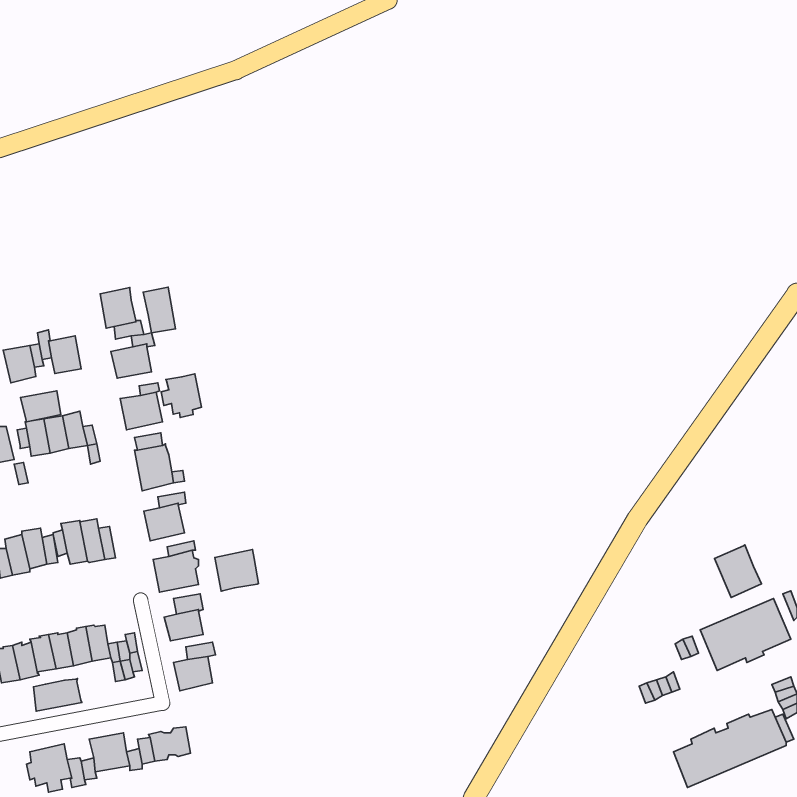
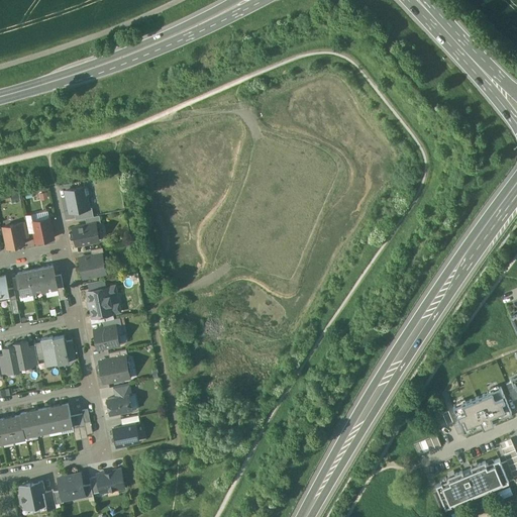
building: [143,287,175,333] -> none
building: [161,374,201,418] -> none
building: [20,391,61,422] -> none
building: [715,545,762,597] -> none
building: [215,550,259,591] -> none
building: [34,679,82,711] -> none

